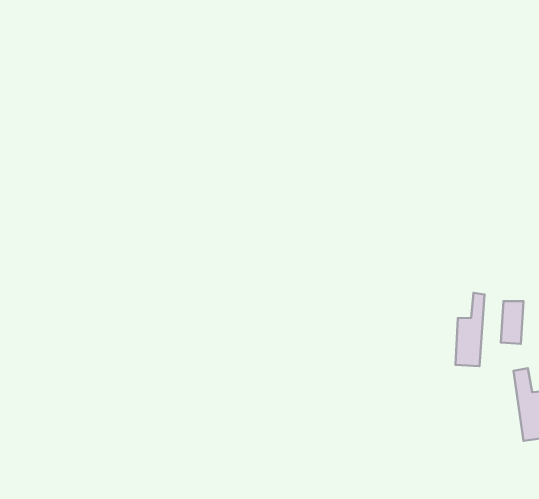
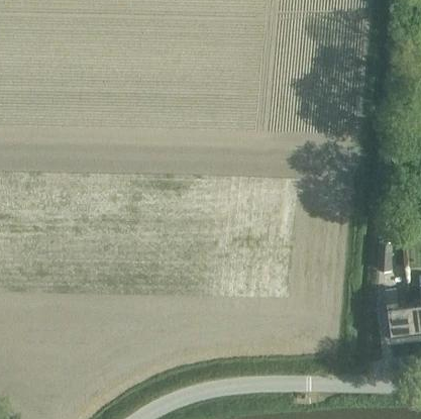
building: [455,293,484,366] -> none

